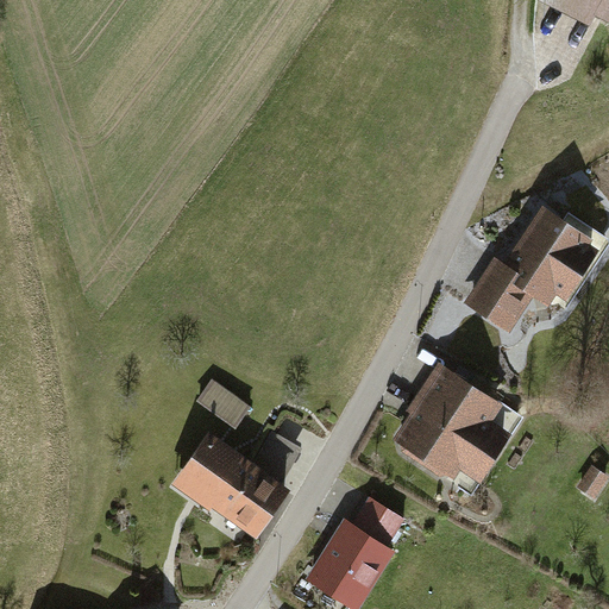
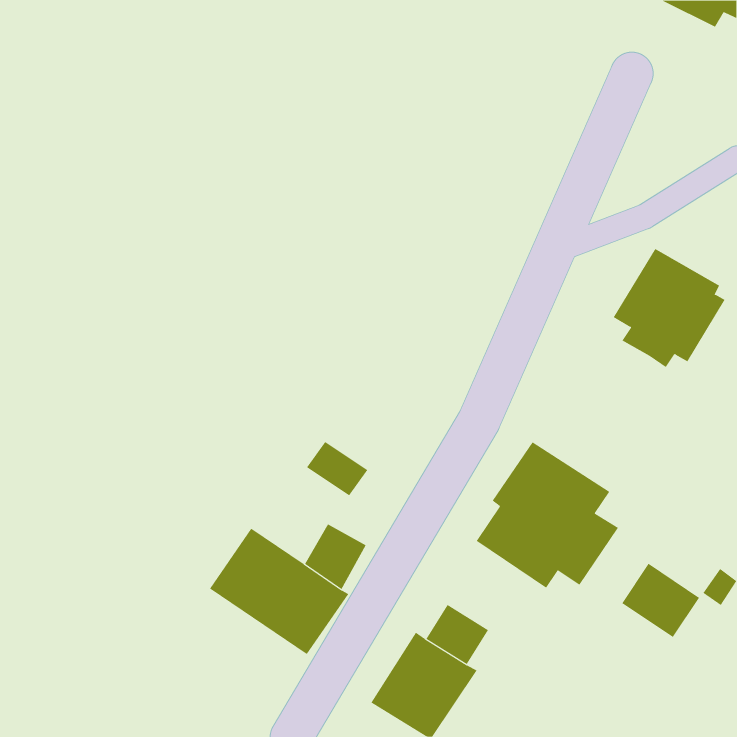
building: [466,256,535,331] -> none
building: [195,381,246,426] -> [306,441,368,496]
building: none -> [622,563,700,638]

